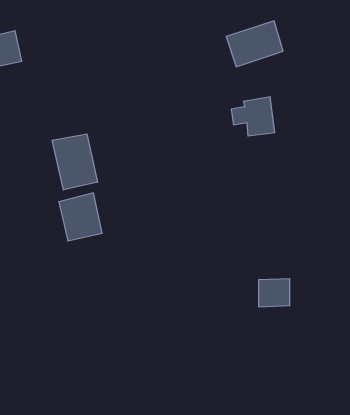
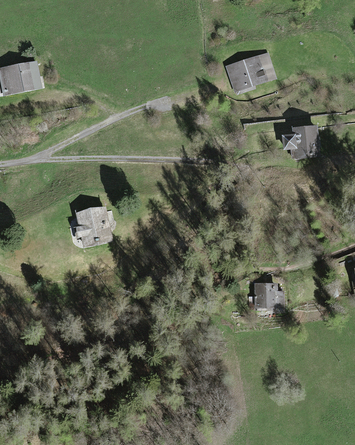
building: [231,97,275,136] -> [281,124,320,159]
building: [52,134,98,190] -> none

